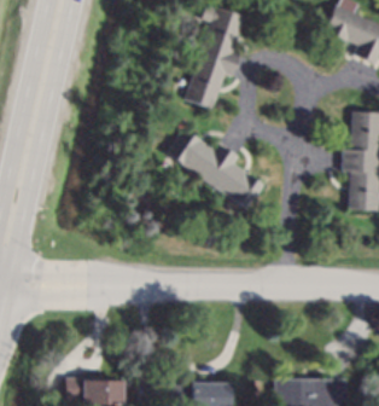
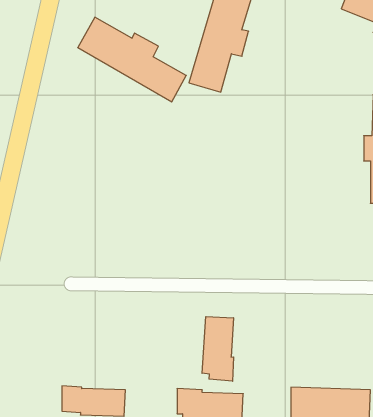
building: [164,128,263,205] -> [78,17,186,102]
building: none -> [202,317,234,381]

